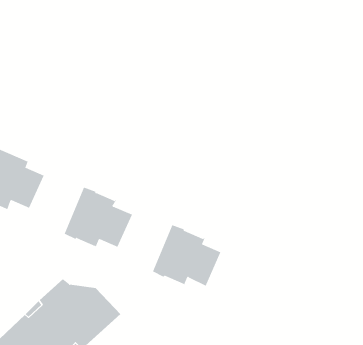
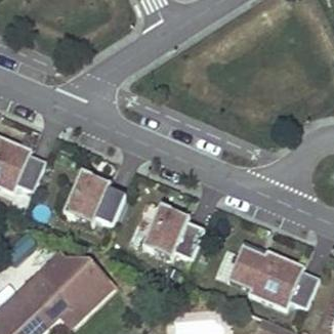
building: none -> [226,242,319,307]

